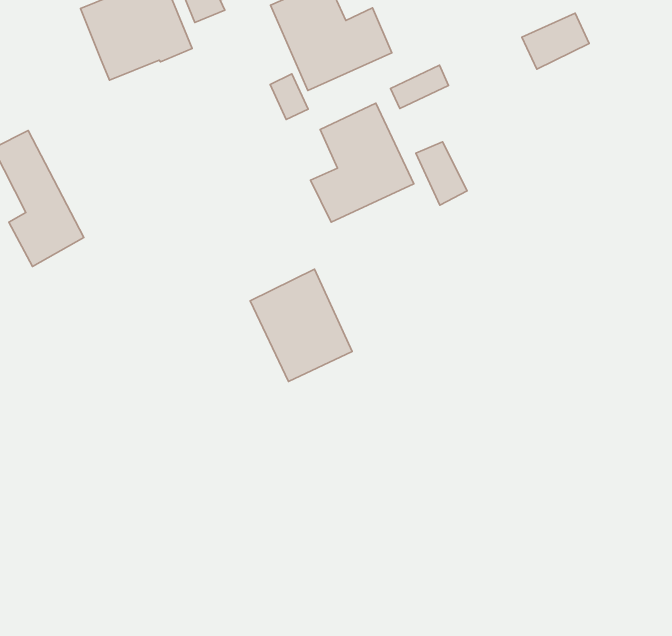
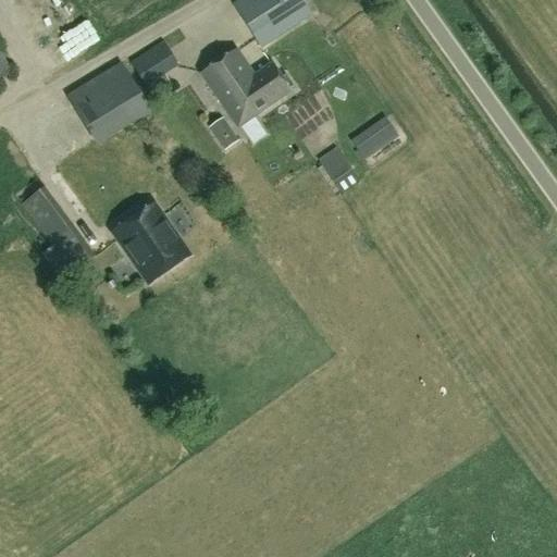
building: [522,13,589,69] -> [351,115,399,159]
building: [311,103,414,222] -> none
building: [250,269,352,382] -> [112,201,189,283]

